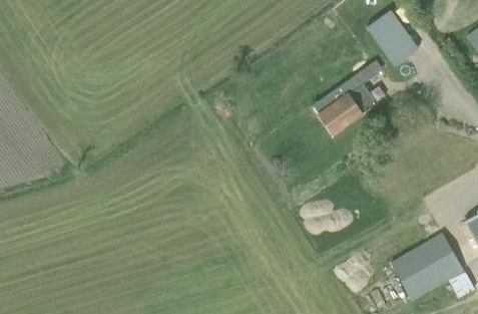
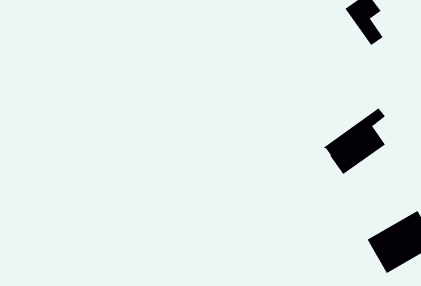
building: [313,65,377,134] -> [323,107,386,175]

